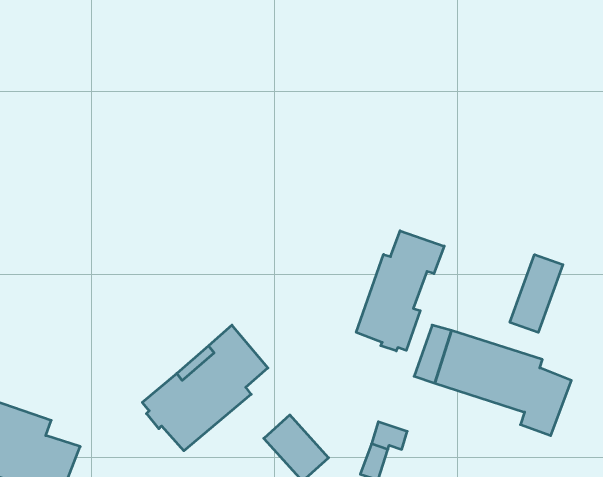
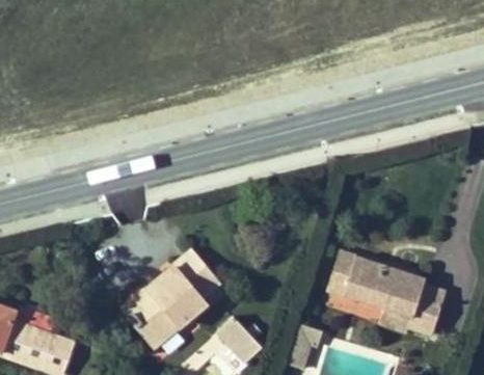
building: [356,231,444,351] -> none
building: [510,255,563,332] -> none

